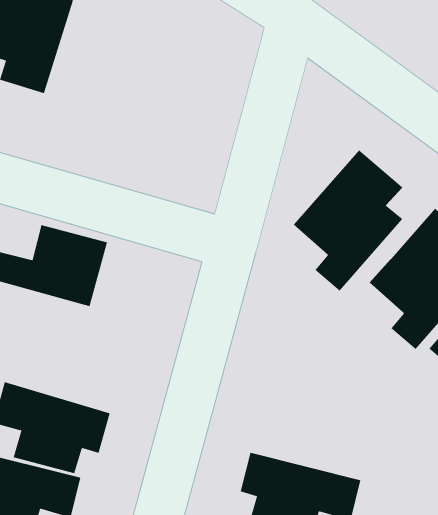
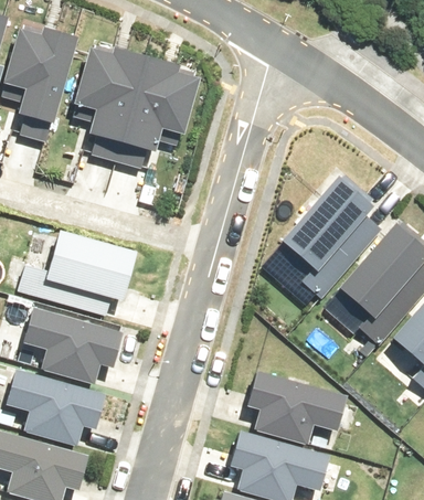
building: none -> [71,49,199,146]
building: none -> [28,306,131,384]
building: none -> [252,370,357,446]

